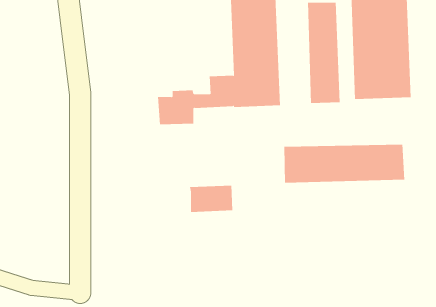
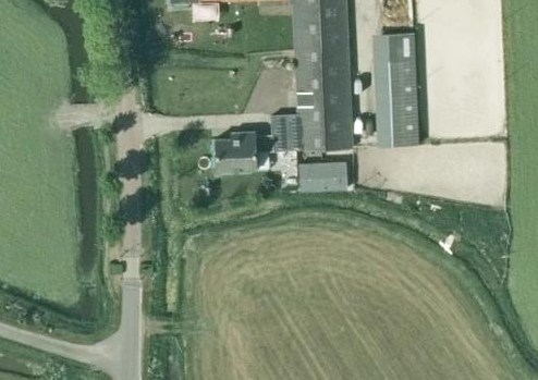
building: [284,144,405,184] -> none
building: [189,185,233,212] -> [297,162,346,193]

